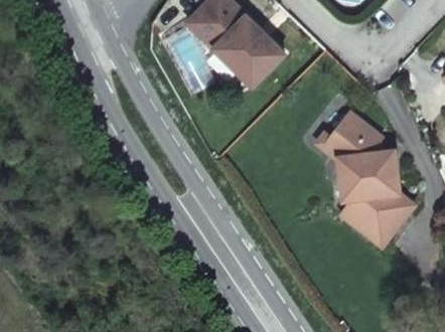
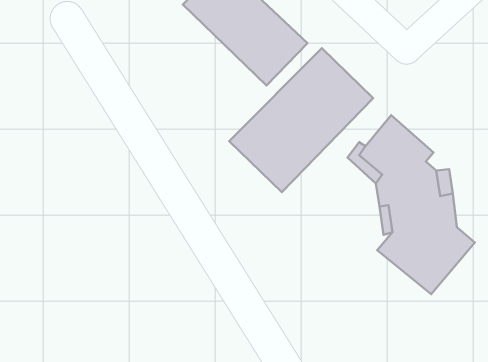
building: none -> [229,48,373,192]

